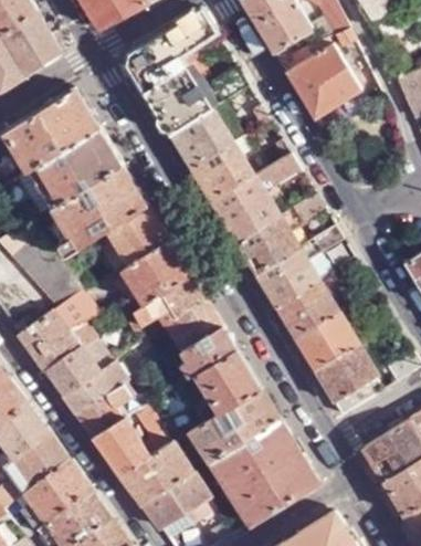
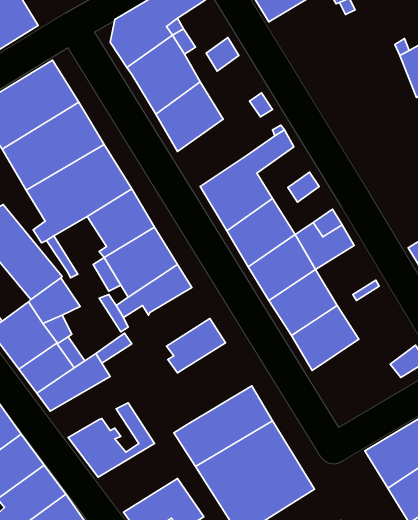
building: [281,40,361,120] -> none
building: [191,139,255,204] -> none
building: [165,297,221,351] -> none
building: [315,345,380,416] -> none
building: [178,348,260,423] -> none
building: [74,379,137,435] -> none
building: [118,441,191,504] -> none

